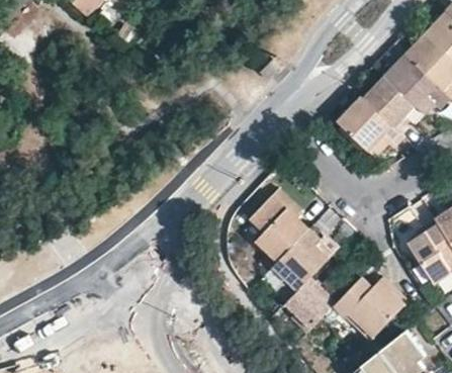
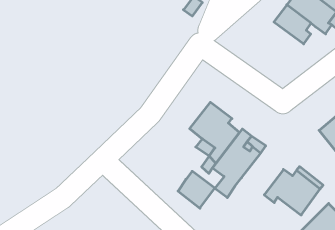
building: [340,95,404,156] -> none
building: [284,284,330,331] -> [178,171,215,208]

